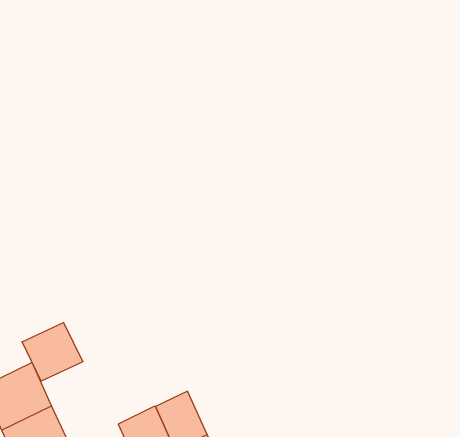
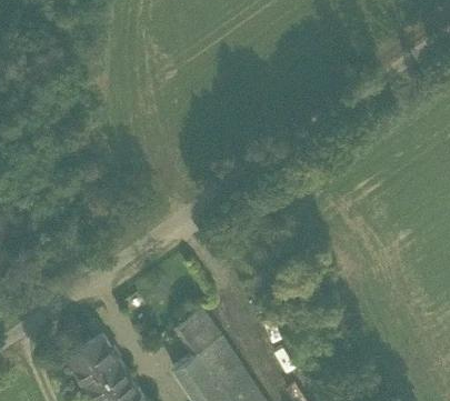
building: [22,322,83,381] -> none
building: none -> [178,308,220,351]

